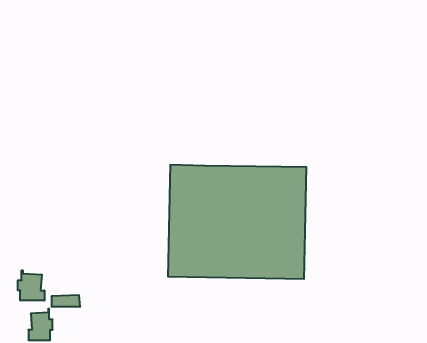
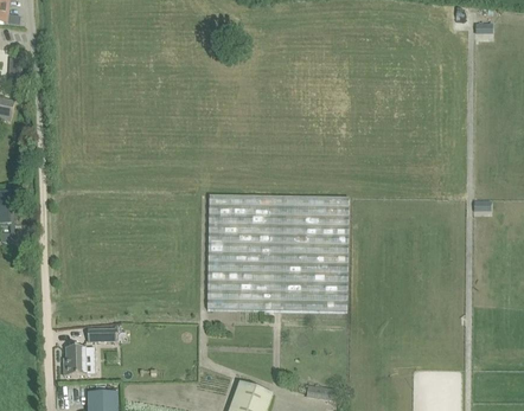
building: [18,270,44,301] -> none

